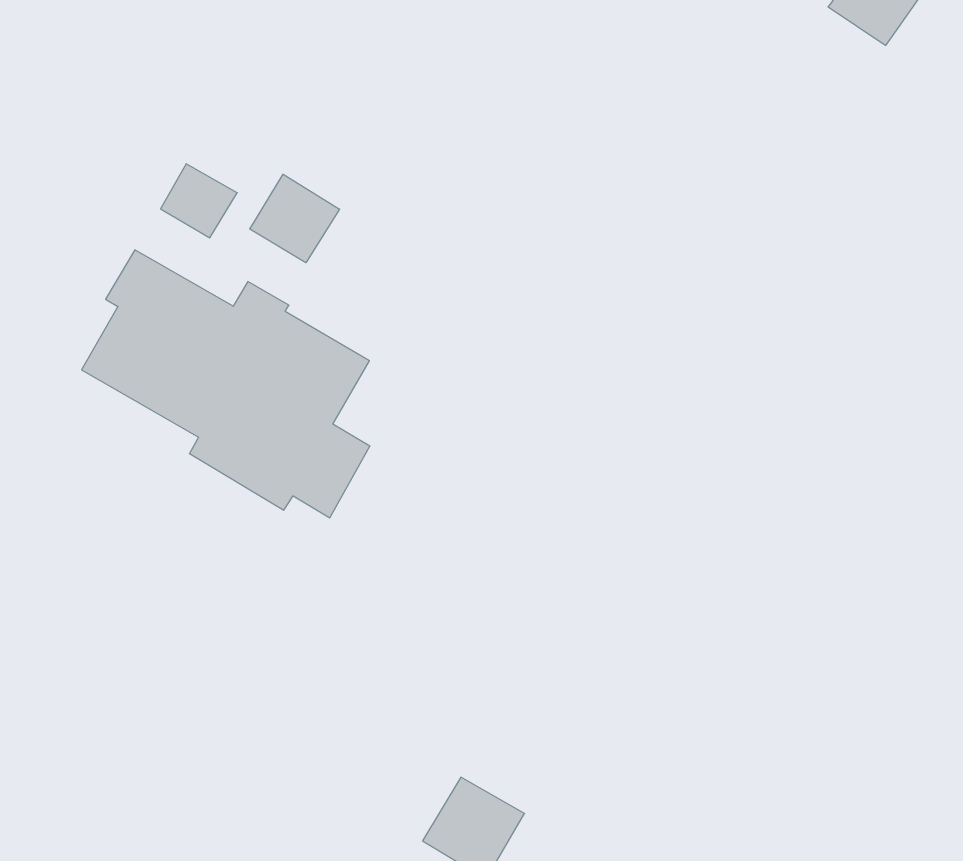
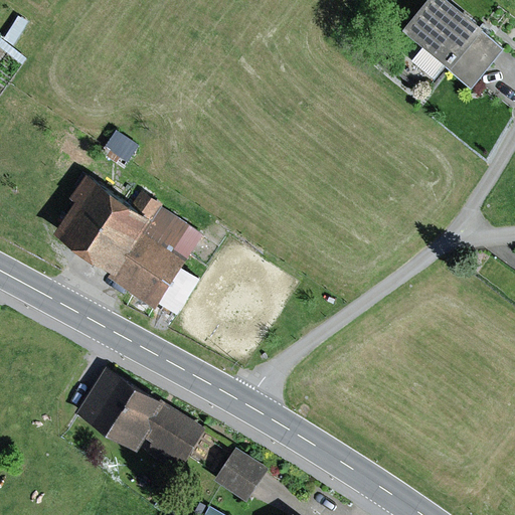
building: [250,174,340,263] -> none
building: none -> [75,366,207,474]

